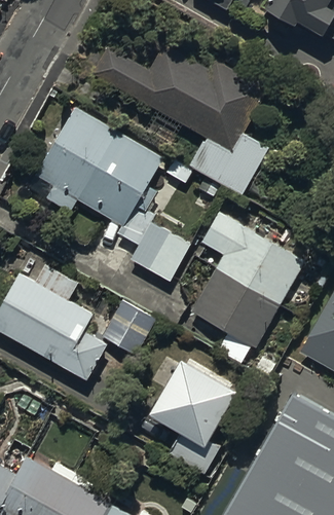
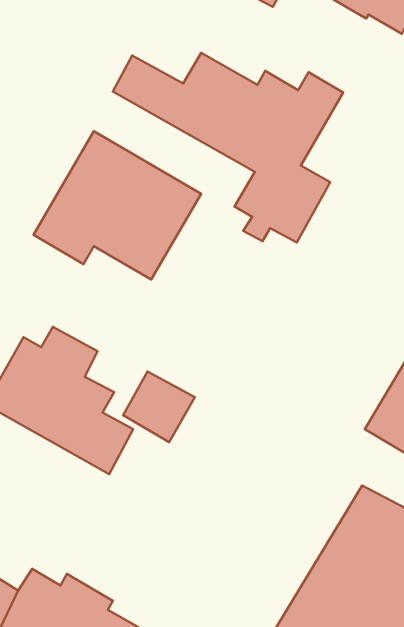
building: [192,211,306,368] -> none
building: [129,223,192,285] -> none
building: [152,364,239,473] -> none

